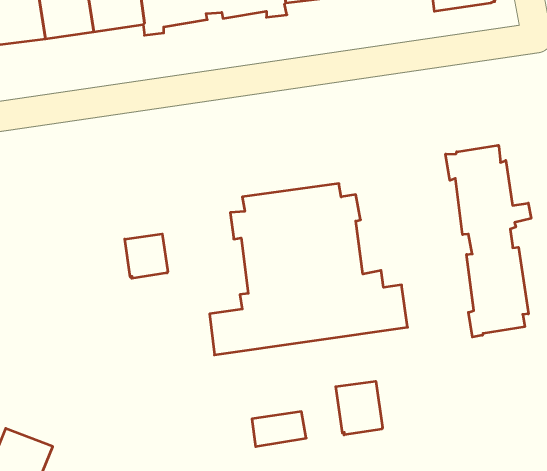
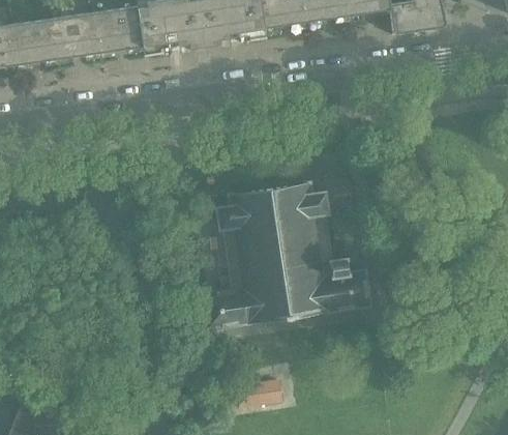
building: [446,145,531,337] -> none
building: [125,234,168,278] -> none
building: [336,381,382,435] -> none

